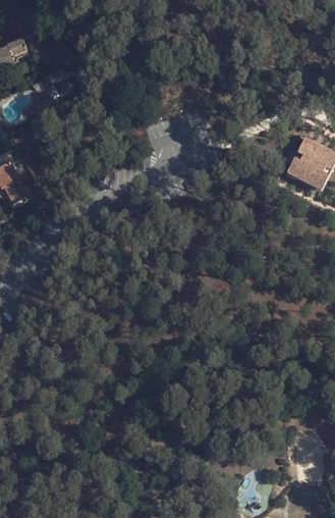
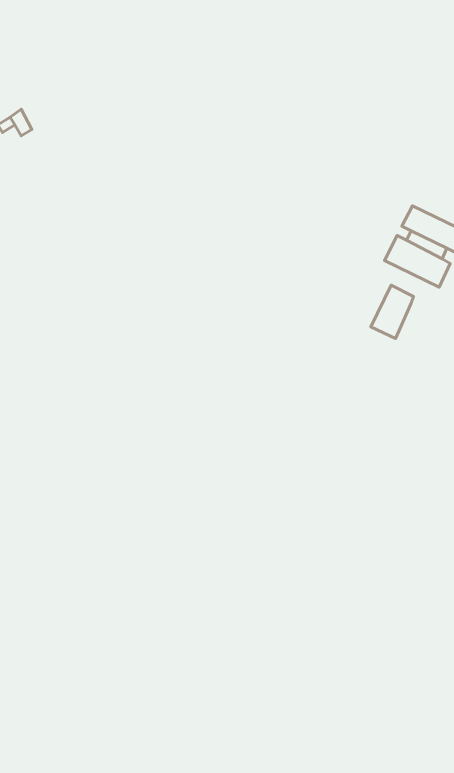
building: none -> [371,285,414,338]

